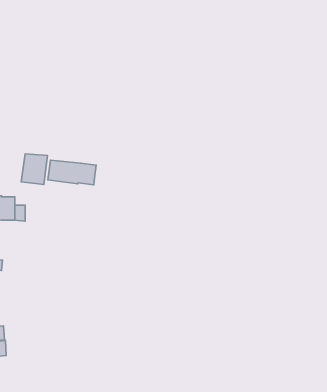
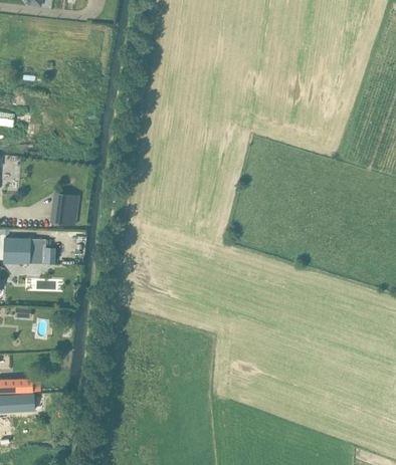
building: [48,160,96,185] -> none

